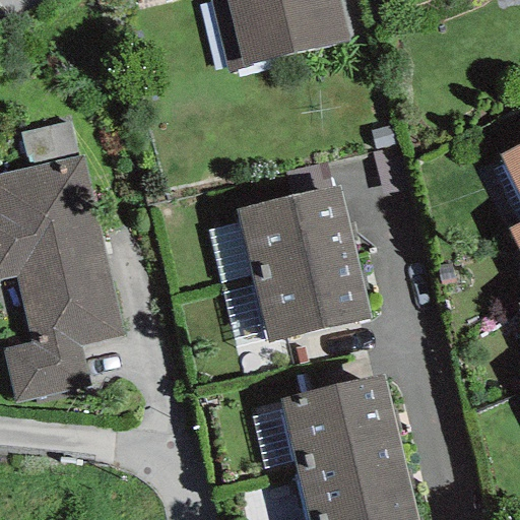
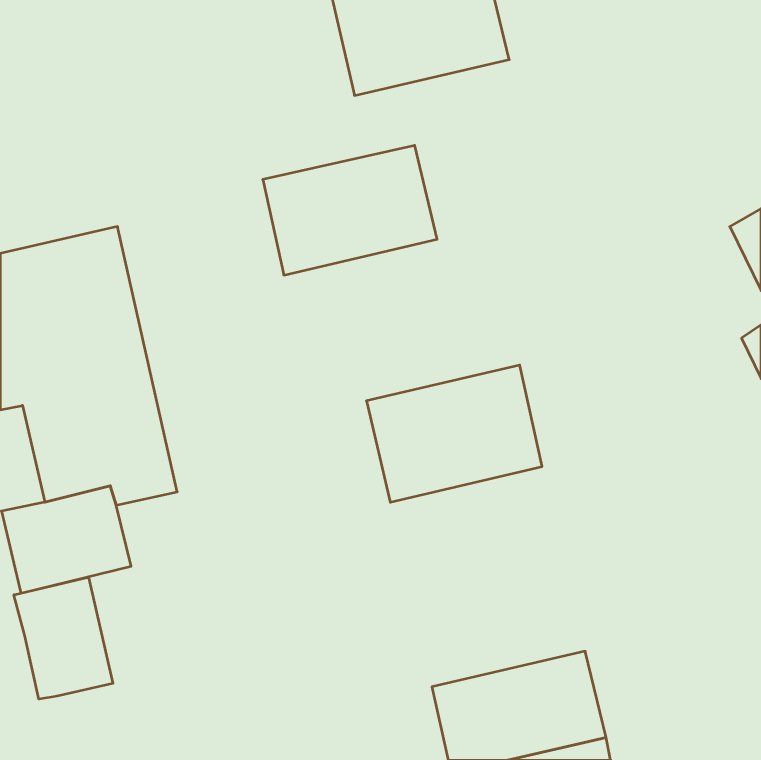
building: [236,185,354,273] -> [263,145,437,275]
building: [277,374,399,468] -> none
building: none -> [14,577,113,699]

